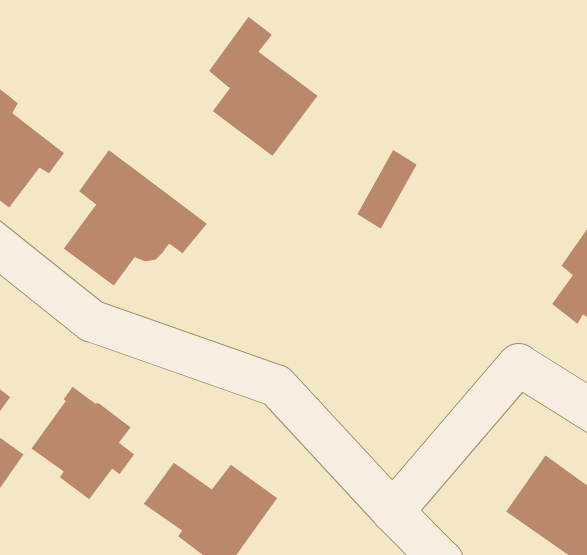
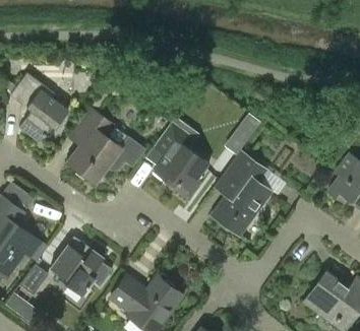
building: [208,16,319,157] -> [152,121,211,196]
building: none -> [214,153,272,235]

